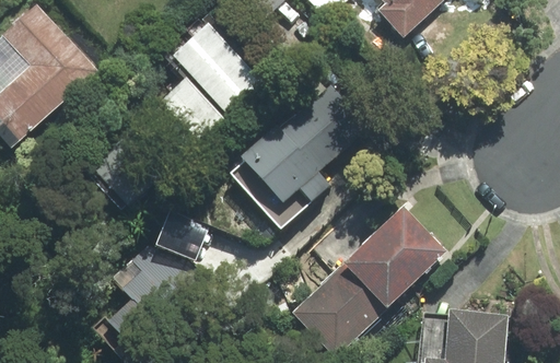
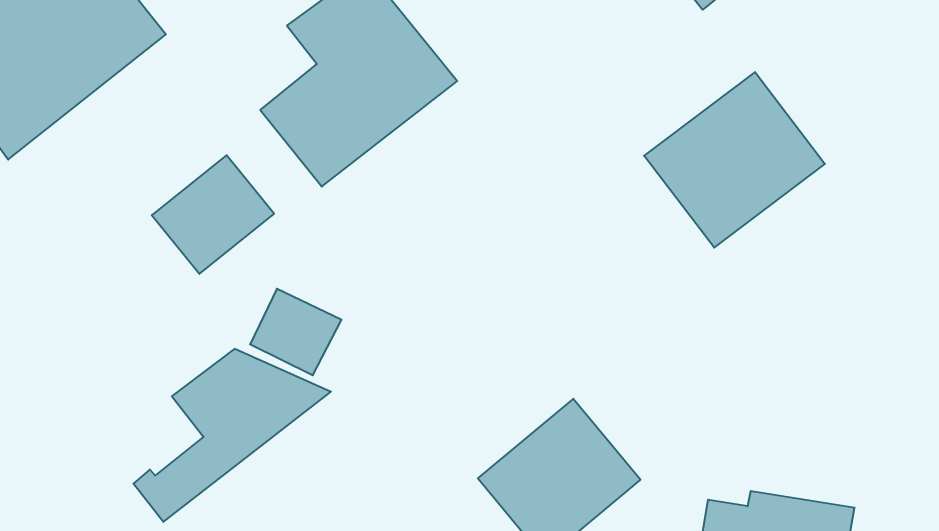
building: none -> [644,72,825,248]
building: [229,82,368,227] -> none
building: [343,208,443,306] -> none

